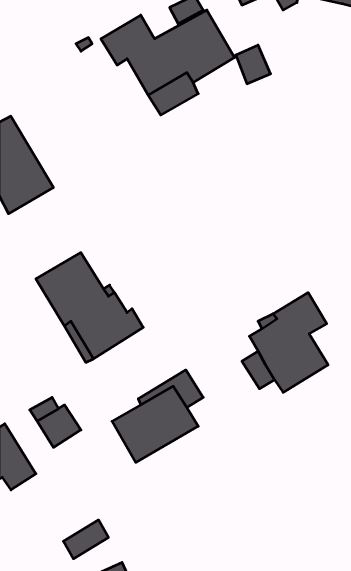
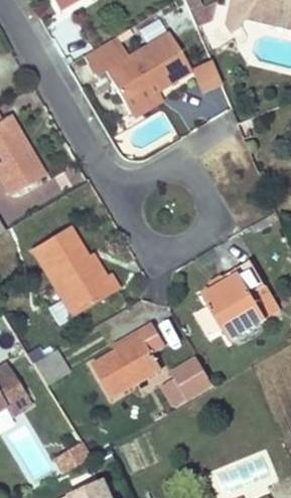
building: none -> [175,359,215,399]

